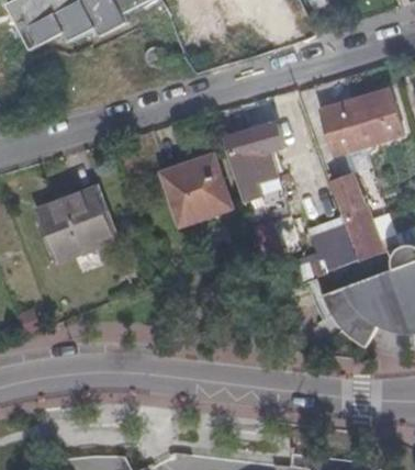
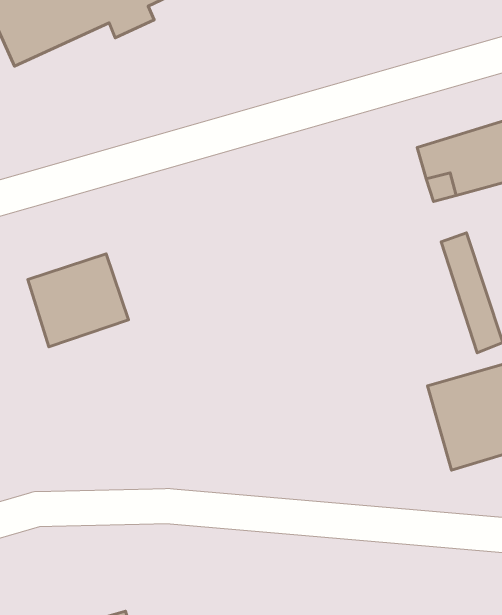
building: [231,123,292,212] -> none
building: [162,155,233,225] -> none
building: [314,232,357,275] -> none

